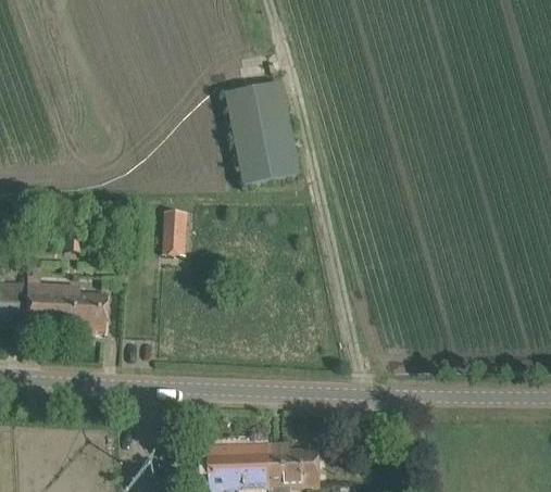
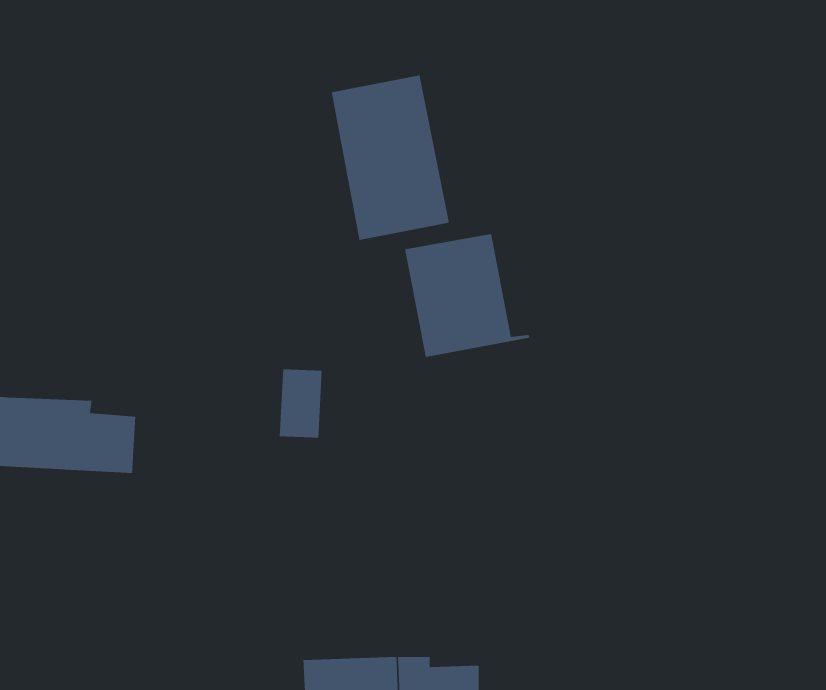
building: none -> [404,233,530,358]
building: [160,209,187,252] -> [279,369,323,439]

